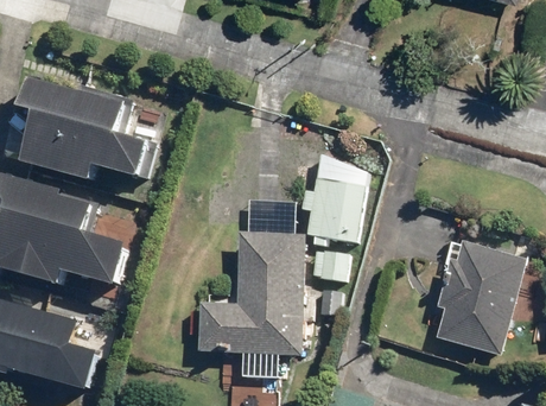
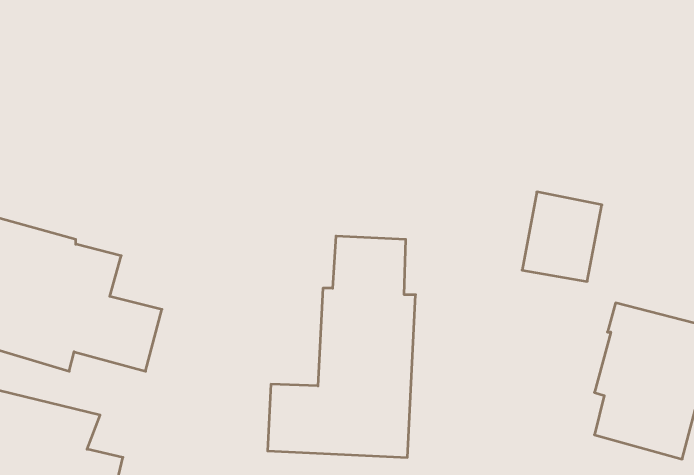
building: [12,80,142,183] -> none
building: [309,173,367,239] -> [522,192,602,281]

